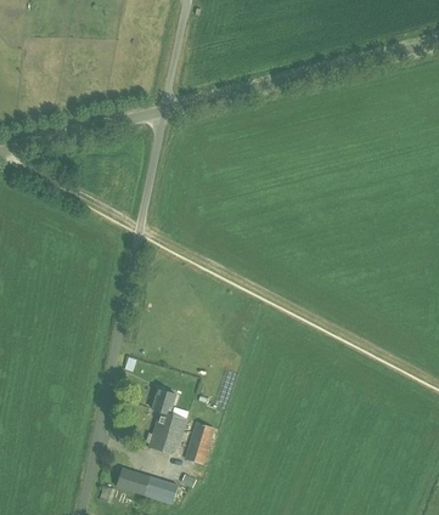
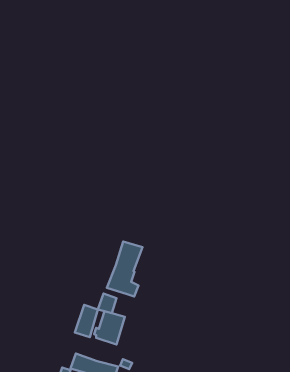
building: none -> [107,241,142,296]
building: [184,421,214,464] -> [75,305,98,337]

